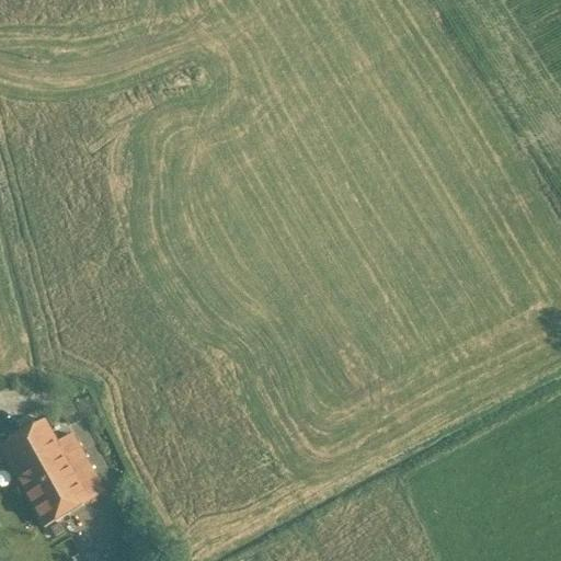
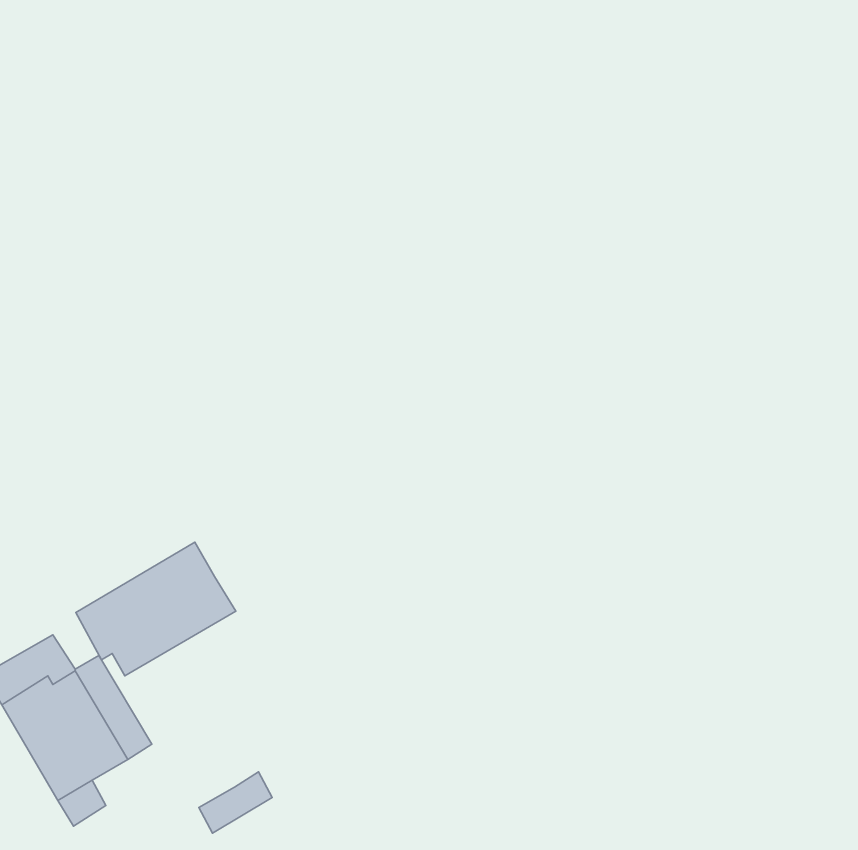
building: none -> [76,542,236,676]
building: [59,478,106,517] -> [199,772,272,833]

